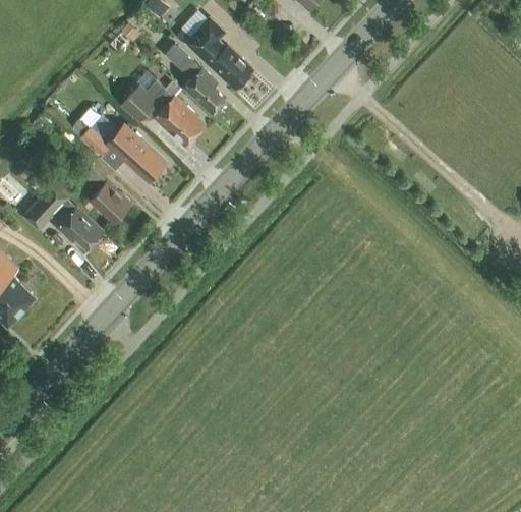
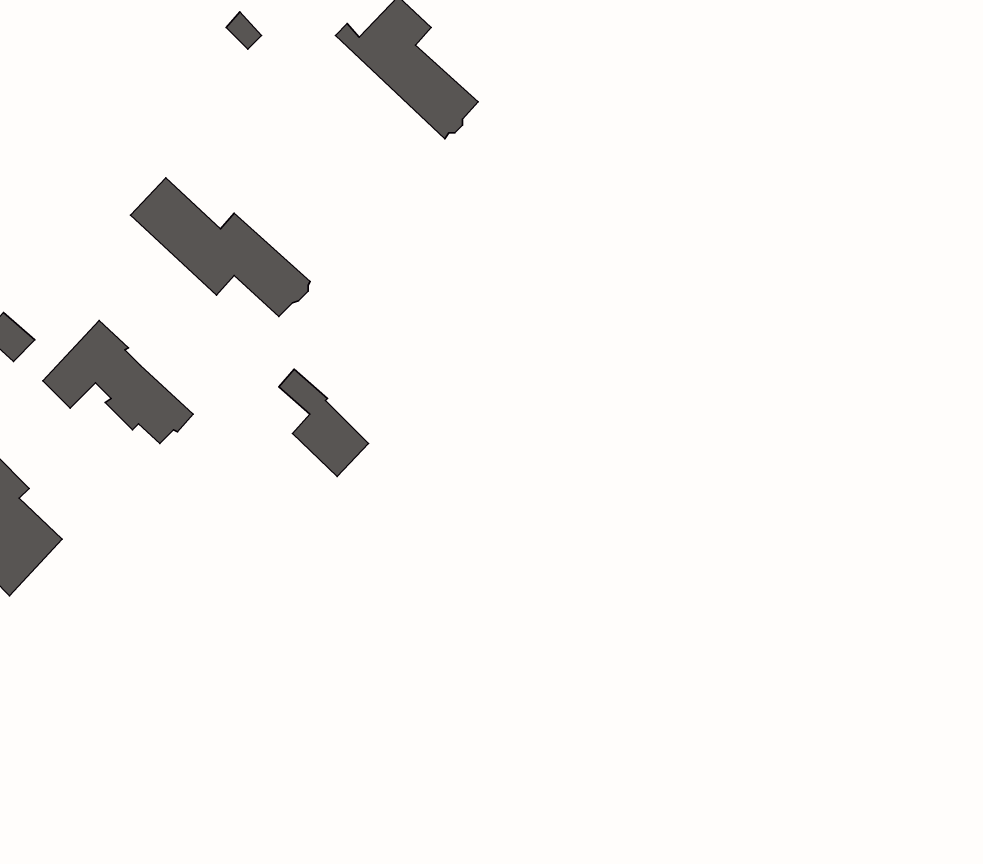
building: [165,44,225,113] -> none
building: [121,79,204,145] -> none
building: [82,166,129,222] -> [279,369,369,477]

